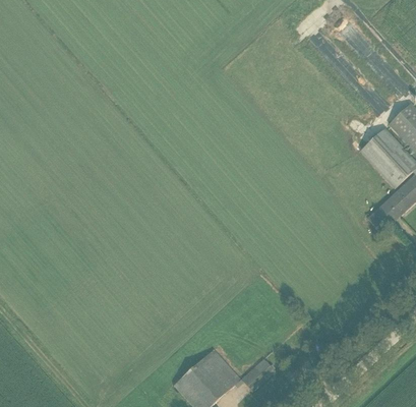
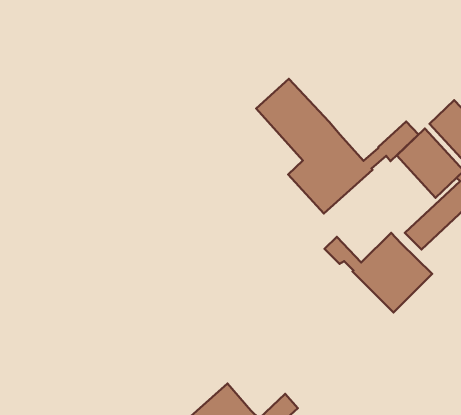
building: none -> [256,79,419,214]
building: none -> [325,233,432,312]

